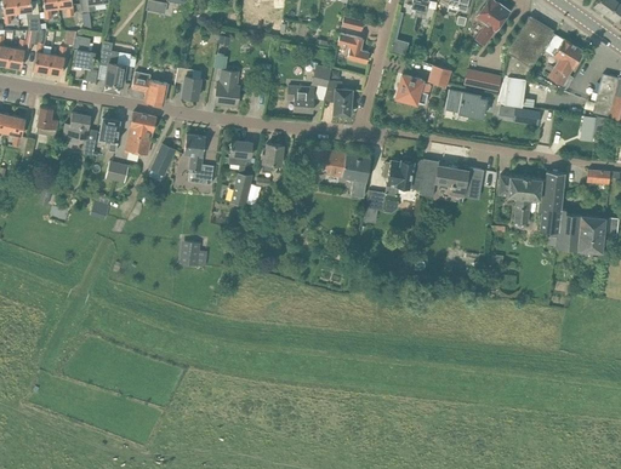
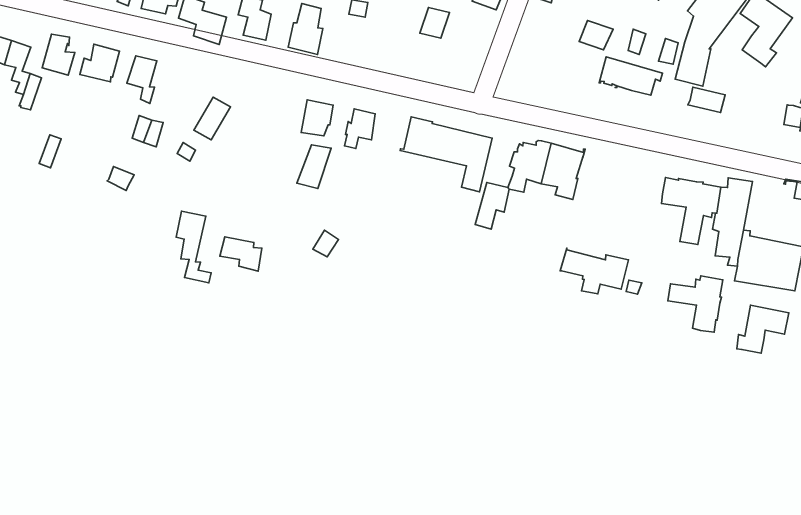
building: [395,75,428,104] -> none
building: [324,81,352,115] -> none
building: [287,86,314,113] -> none
building: [125,111,156,155] -> none
building: [184,135,212,185] -> [176,211,211,283]
building: [434,165,484,196] -> [560,248,629,294]
building: none -> [668,276,723,332]
building: none -> [737,305,789,353]

